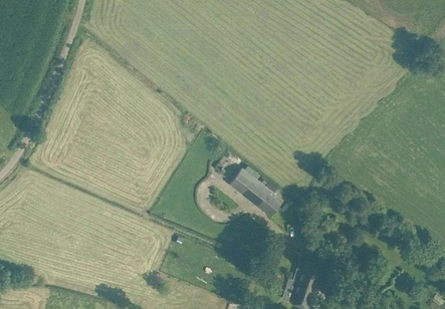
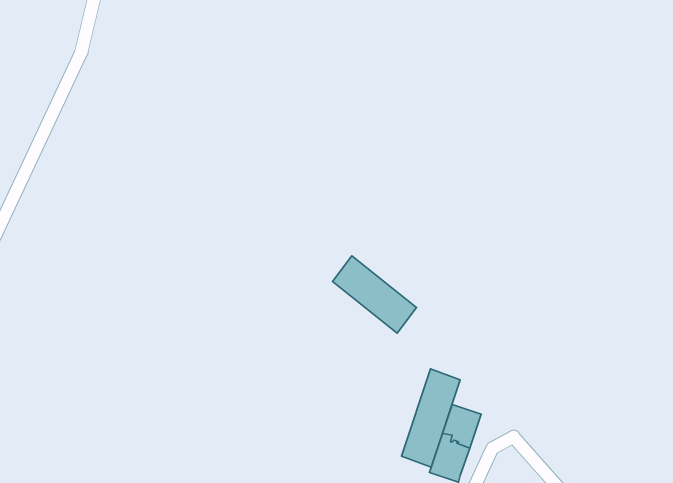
building: none -> [402,369,460,467]

